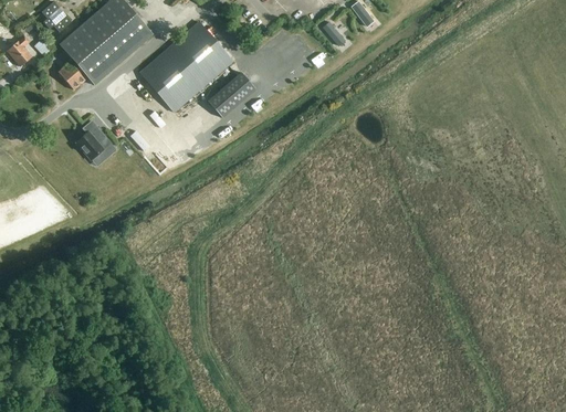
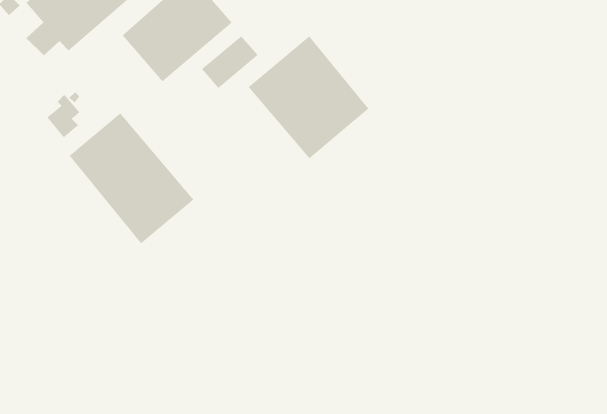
building: none -> [248,35,369,159]
building: none -> [69,112,194,244]

